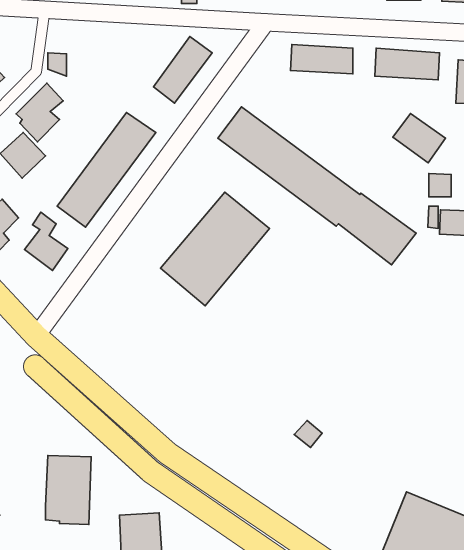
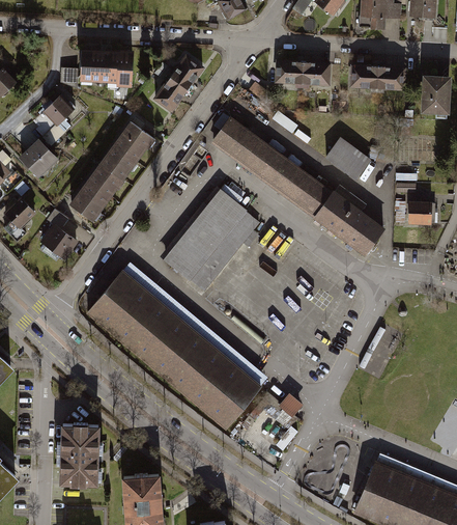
building: none -> [79,48,134,86]
building: [393,114,446,163] -> [324,137,371,181]
building: none -> [89,264,268,426]

